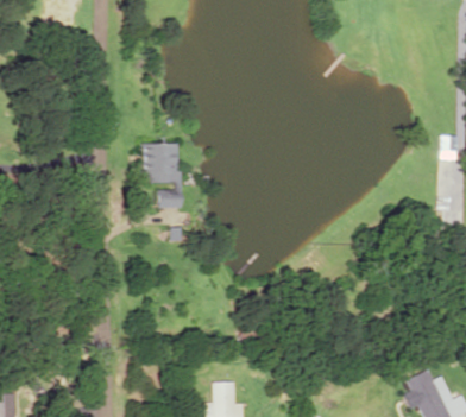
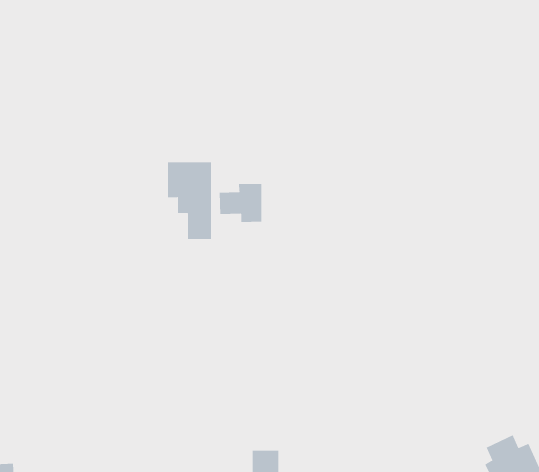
building: none -> [219,183,262,223]

